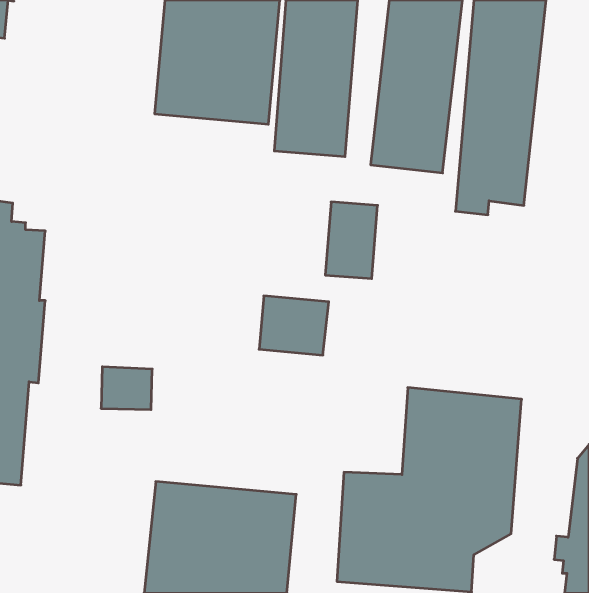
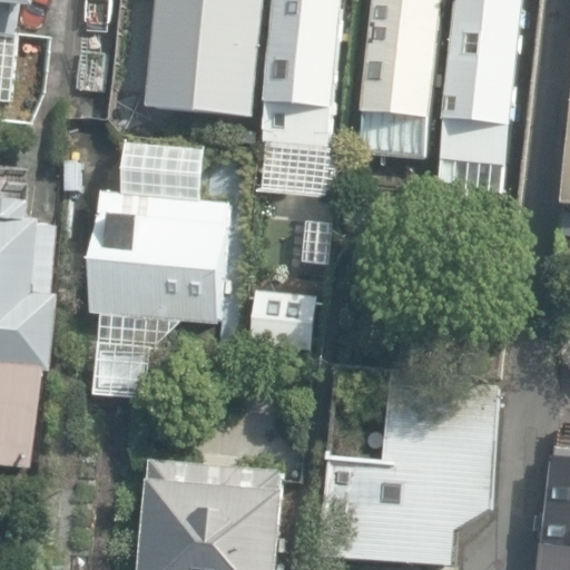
building: none -> [90,193,229,326]

